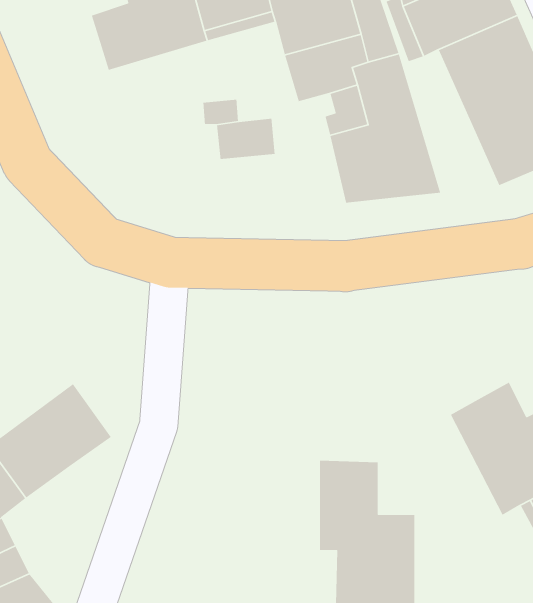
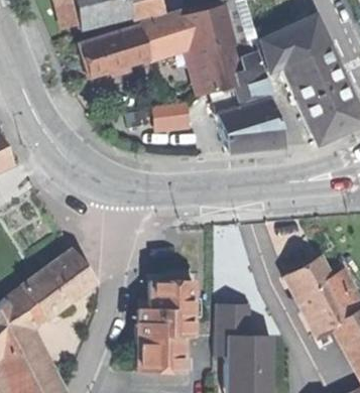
building: none -> [137,279,196,372]

